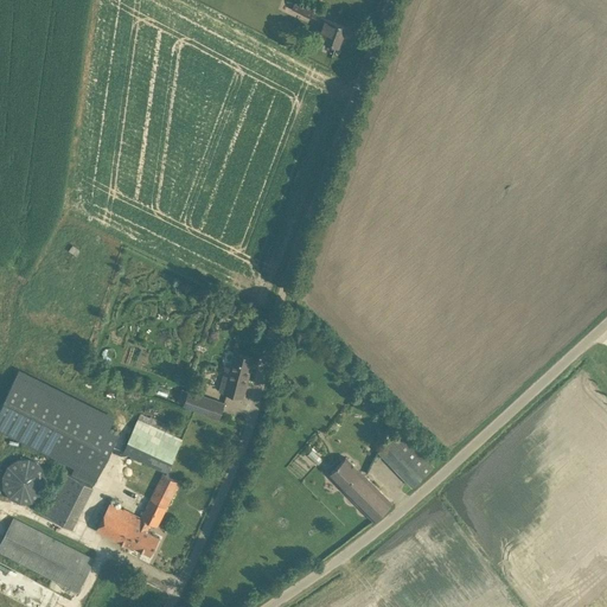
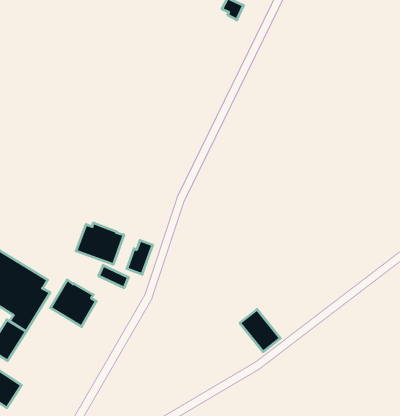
building: none -> [76,223,124,264]
building: [328,460,391,523] -> none
building: [95,475,178,557] -> none

